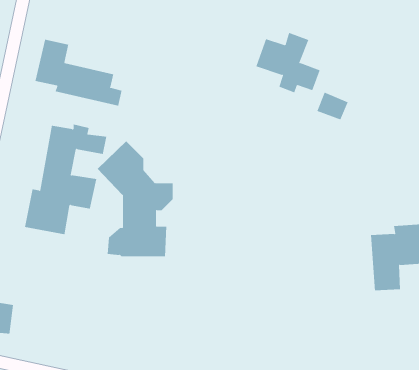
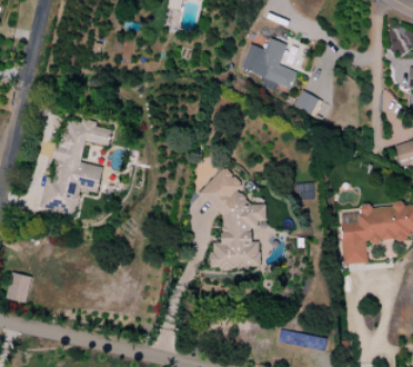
building: [35,39,122,107] -> none
building: [97,141,173,257] -> [200,167,266,268]

